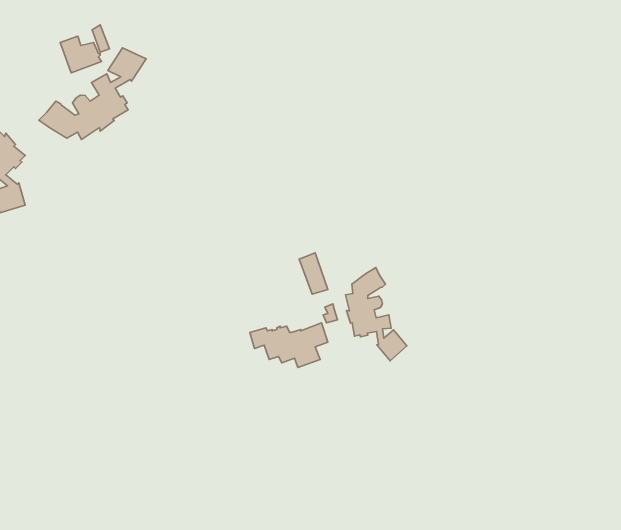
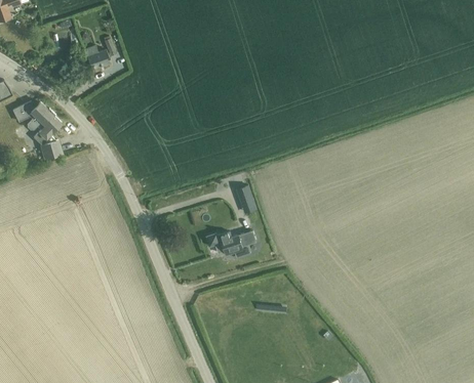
building: [39,48,146,140] -> none
building: [346,267,407,361] -> none

